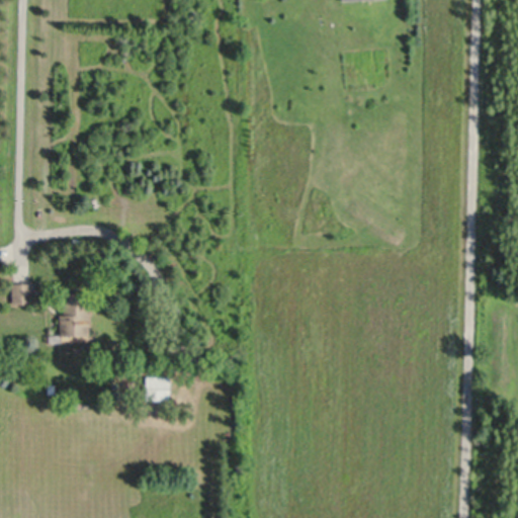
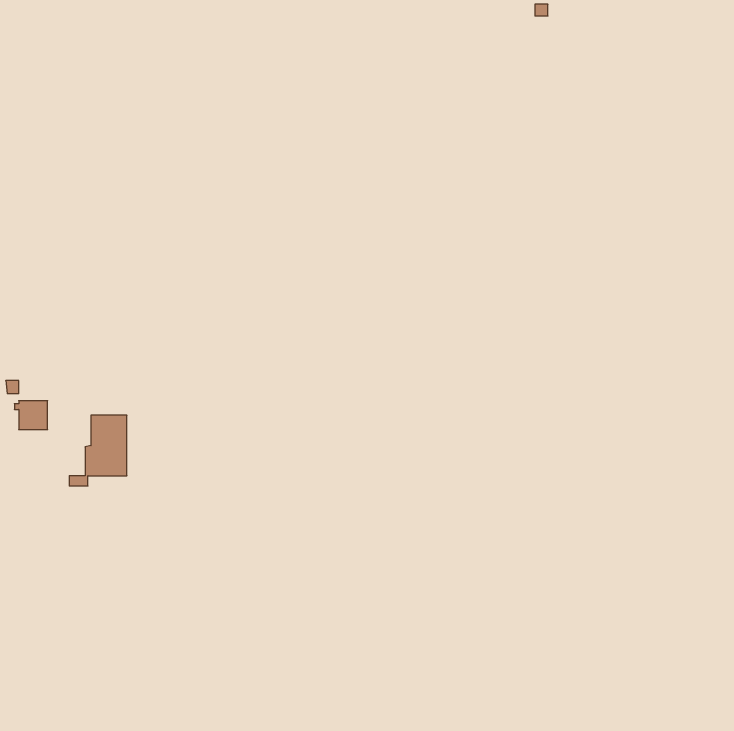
building: [146,376,169,402] -> none

